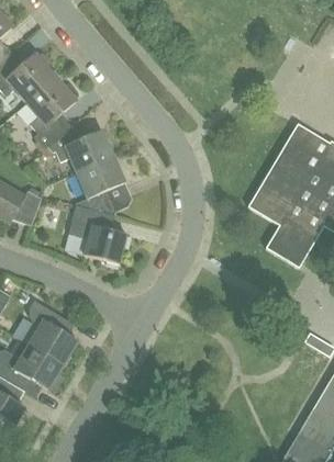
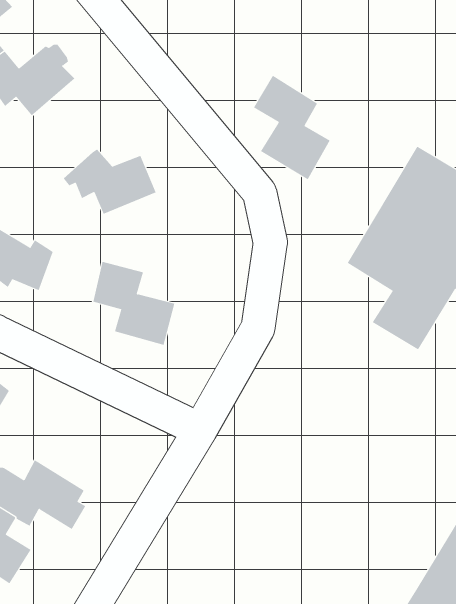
building: none -> [253,75,330,180]
building: [25,77,78,149] -> none
building: [75,157,124,215] -> none
building: [27,301,78,367] -> none

